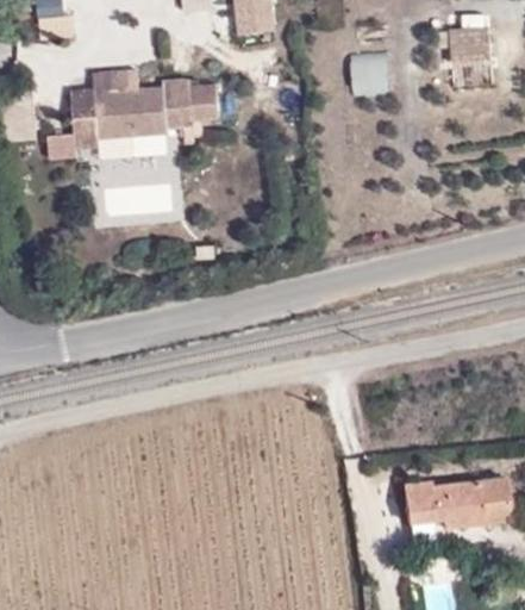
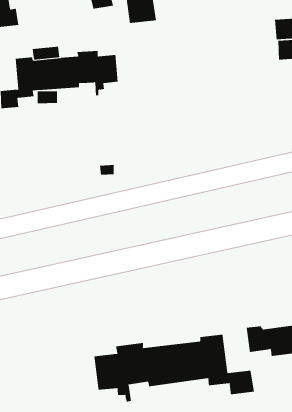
building: [349,51,389,95] -> none
building: none -> [94,334,255,402]

